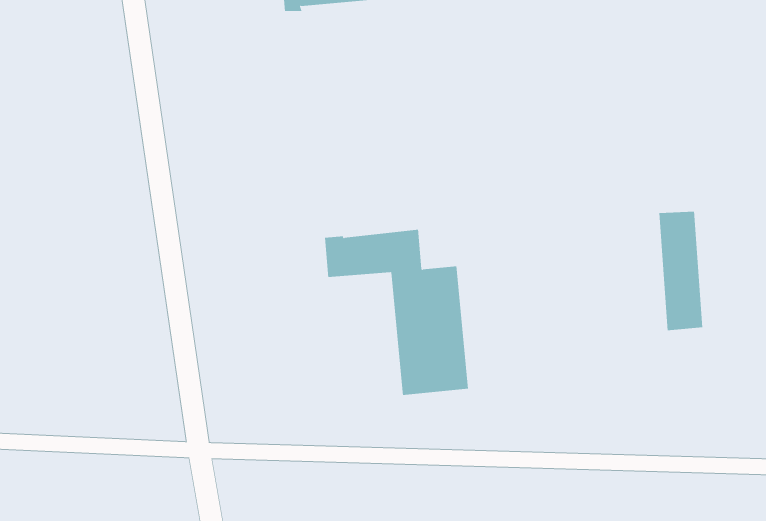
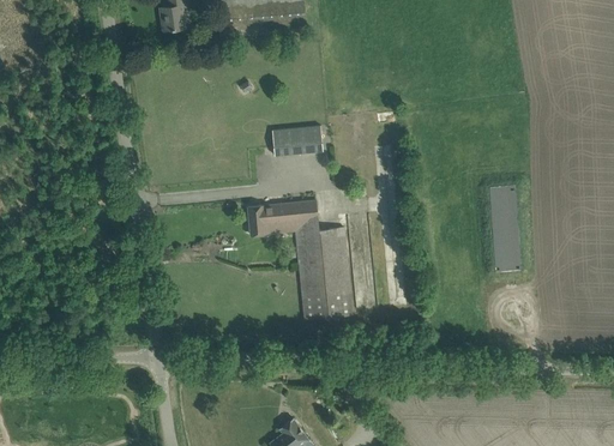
building: none -> [272,125,324,155]

